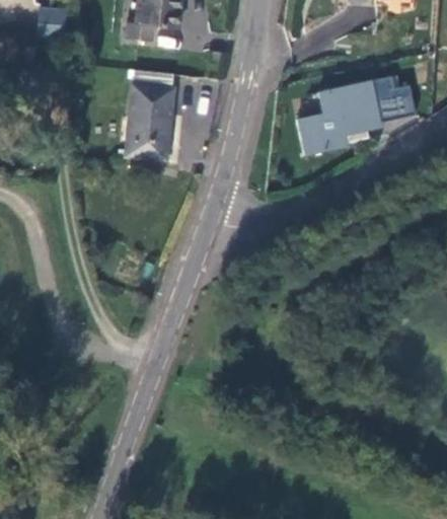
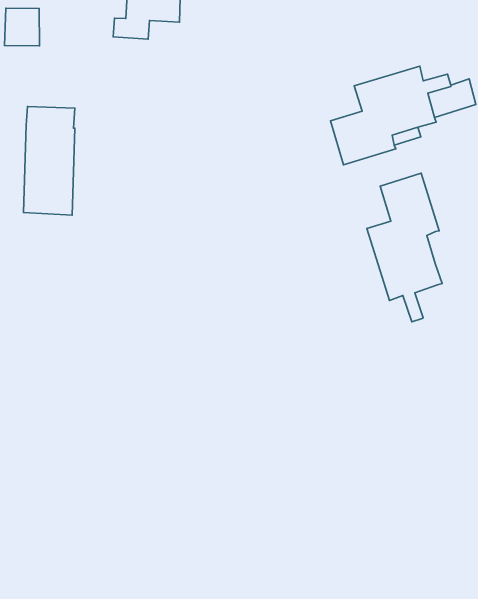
building: [126,69,173,160] -> [24,107,75,215]
building: none -> [367,173,442,322]

